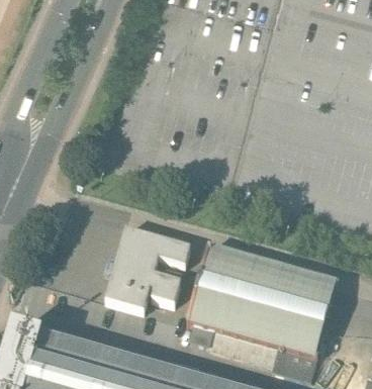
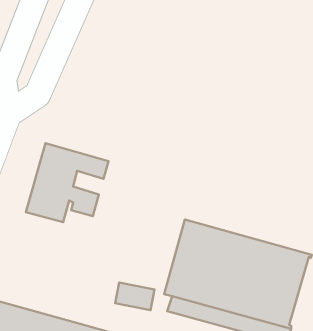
building: [105,224,190,305] -> [26,143,109,222]

